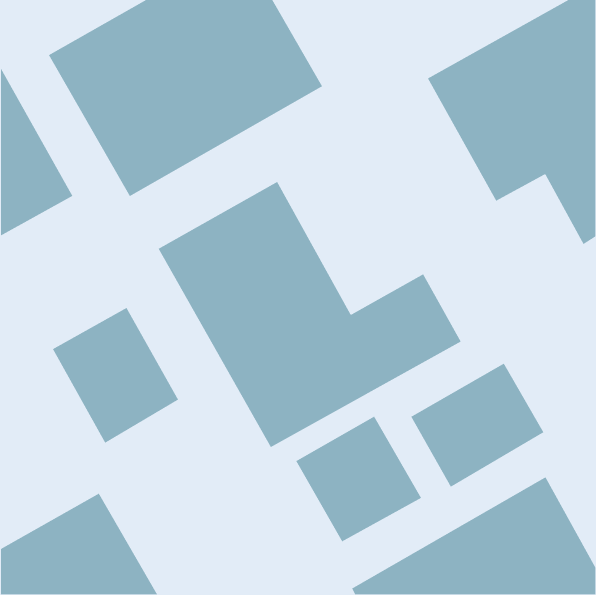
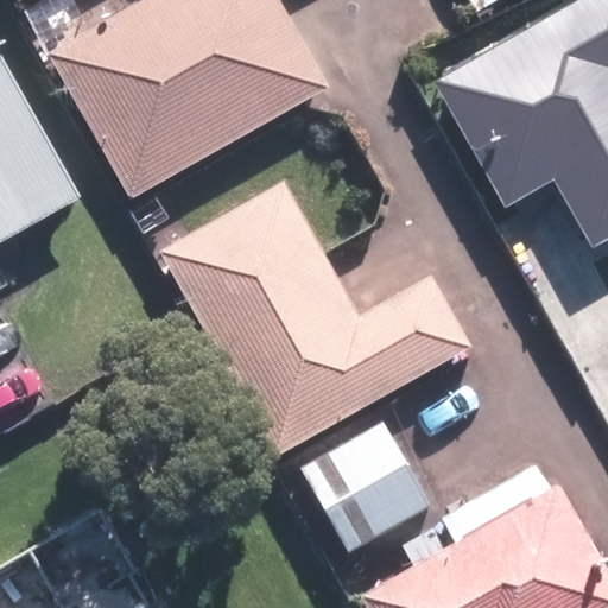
building: [52,307,179,444] -> none
building: [410,362,545,488] -> none

